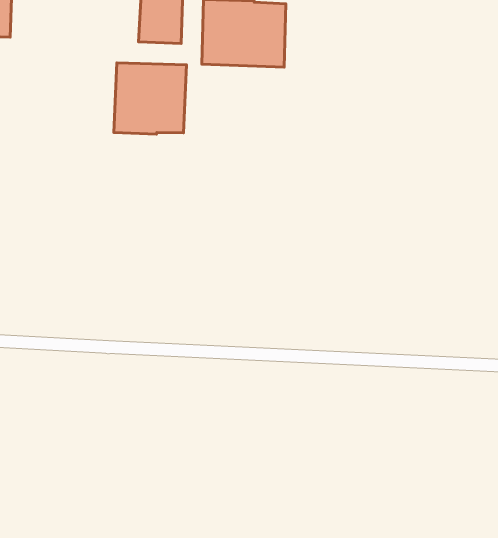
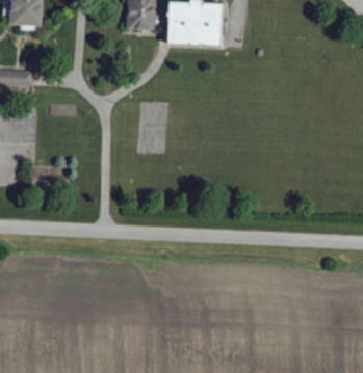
building: [114,63,186,134] -> none

